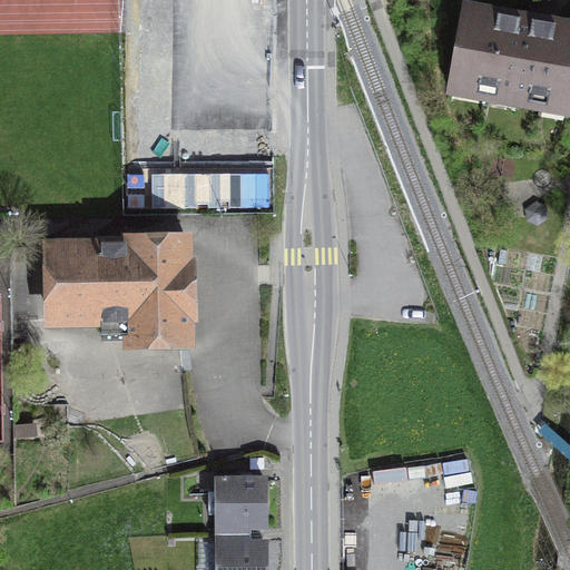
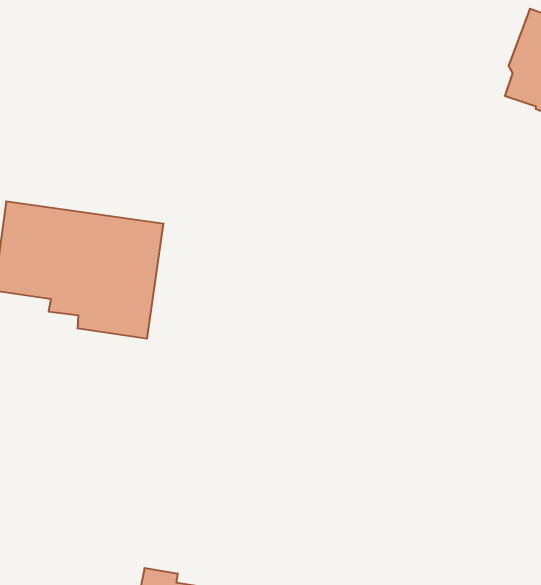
building: [214,479,259,534] -> none

